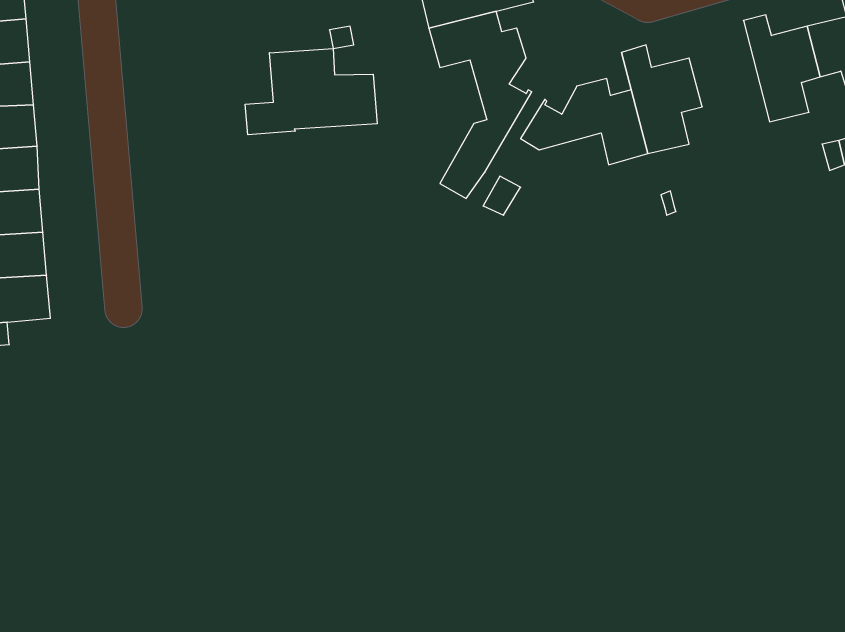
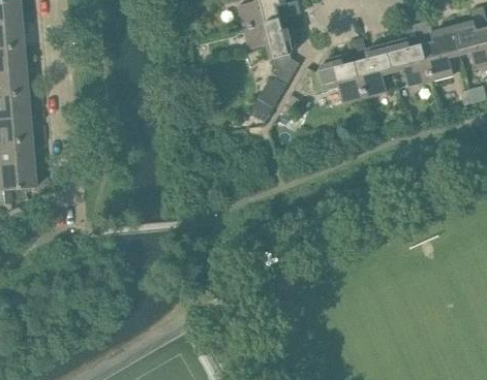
building: none -> [385,25,429,87]
building: [245,49,377,135] -> none

